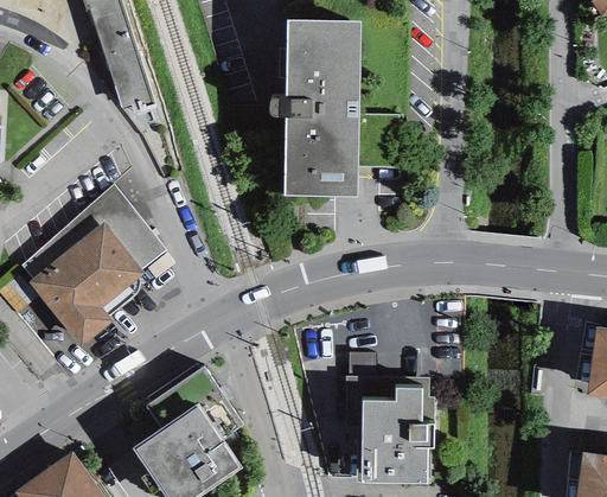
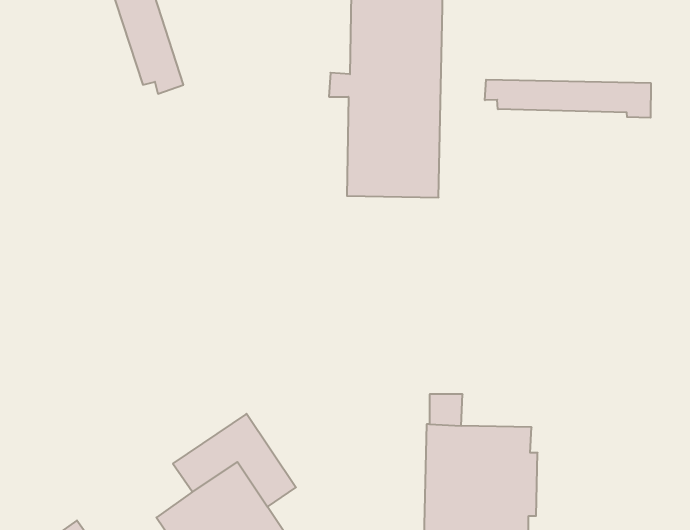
building: none -> [485,80,651,118]
building: [21,184,167,349] -> none

